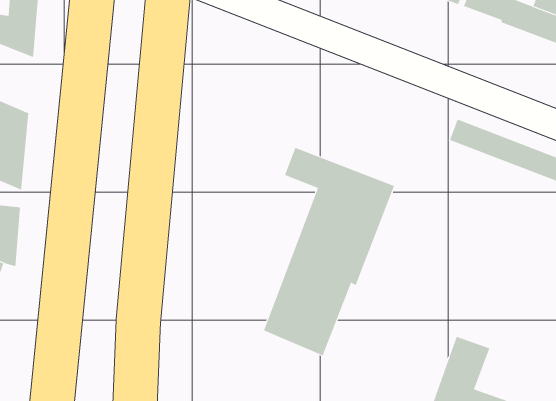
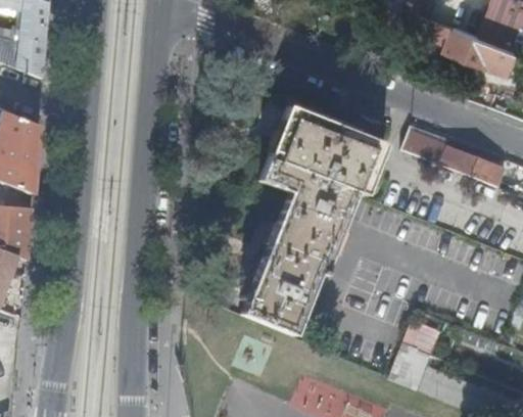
building: none -> [270,103,387,193]

